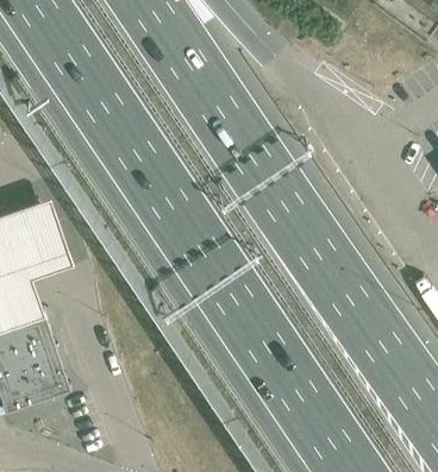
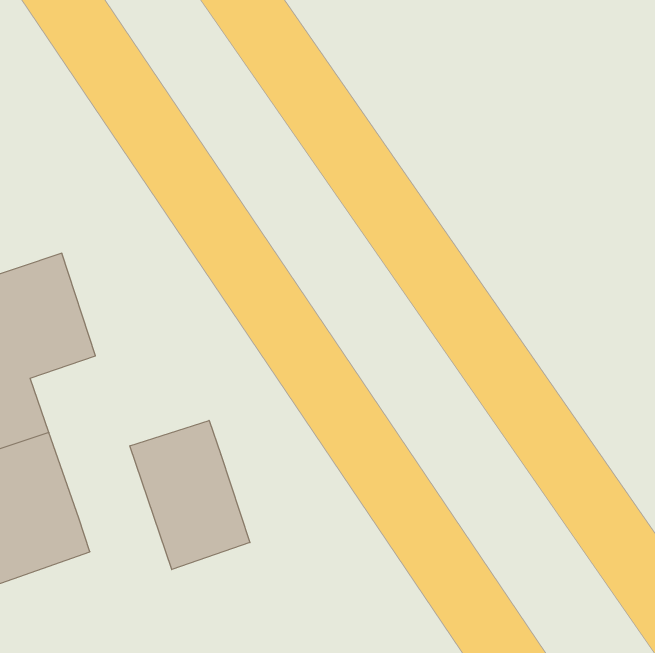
building: none -> [130,420,250,570]

